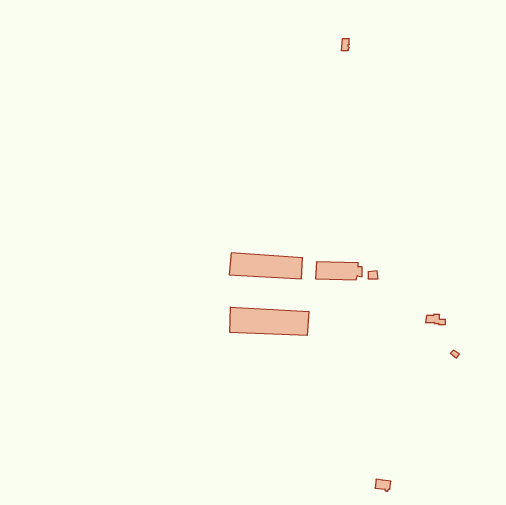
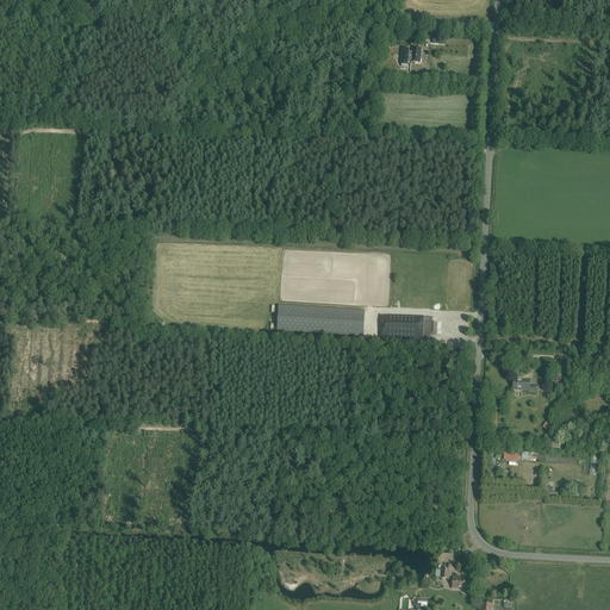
building: [230,307,309,335] -> none

